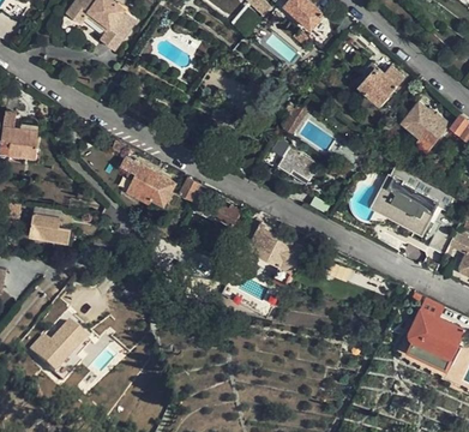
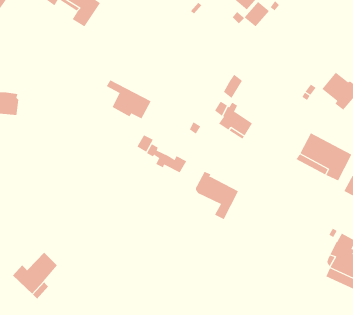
building: [359,64,402,104] -> none
building: [119,157,174,205] -> [106,79,152,119]
building: [28,209,67,242] -> none

